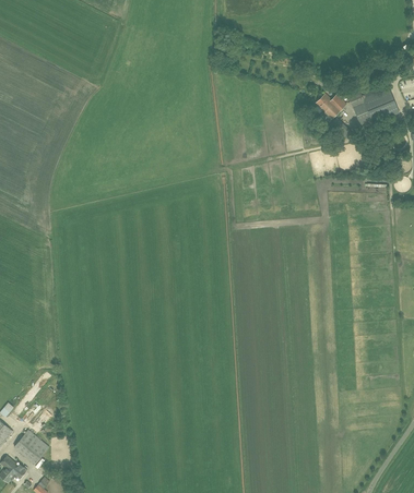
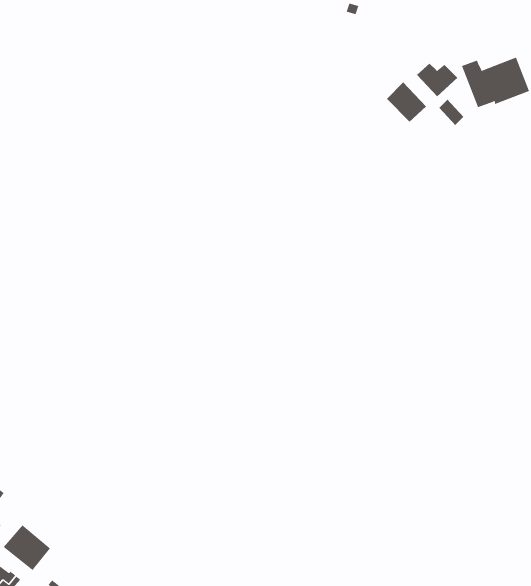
building: none -> [386,81,427,123]

